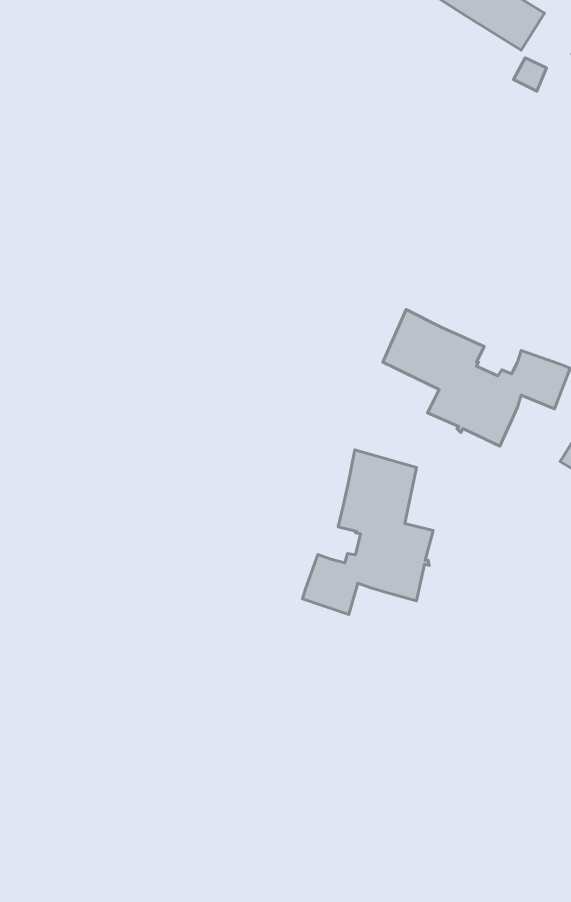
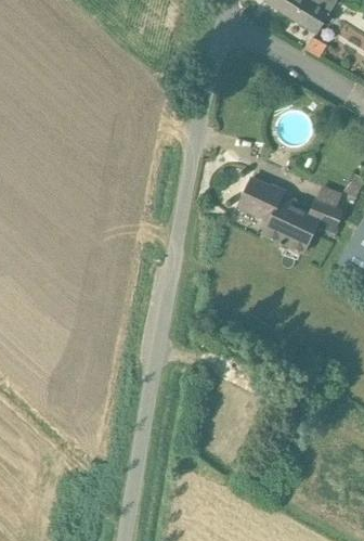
building: [302,450,433,614] -> none

